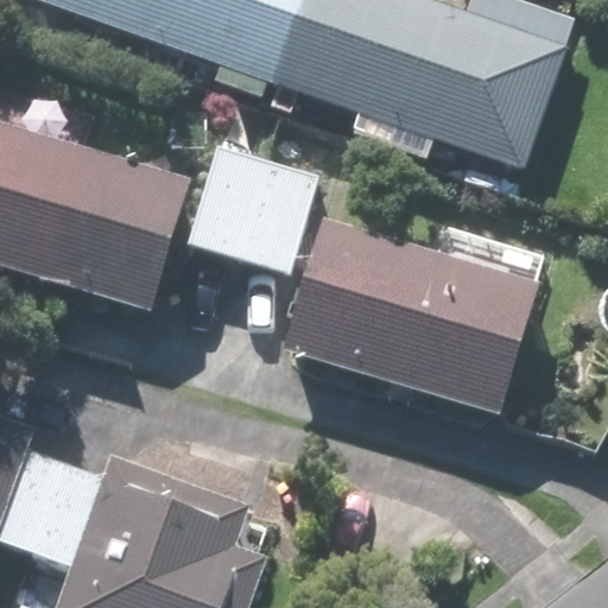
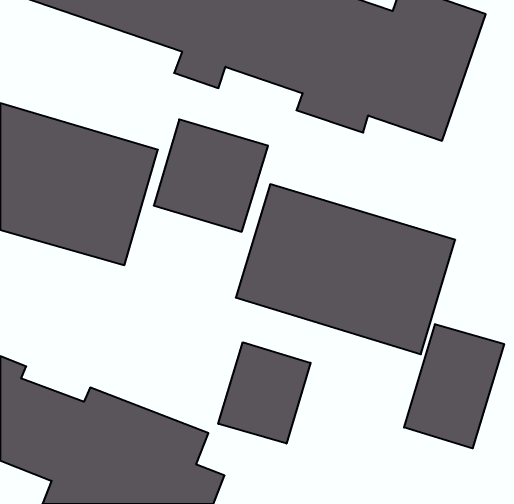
building: none -> [404,324,504,448]
building: none -> [218,342,311,444]

